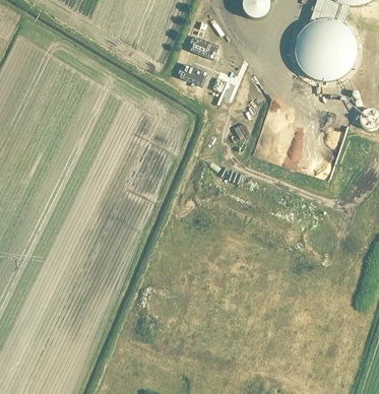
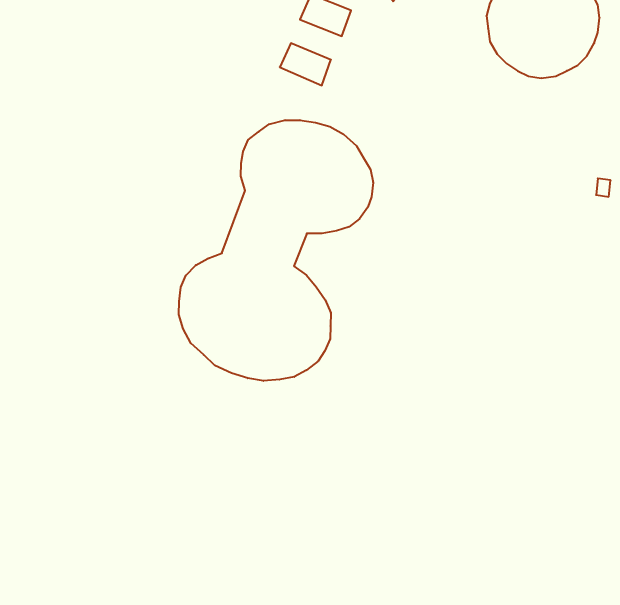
building: none -> [179,120,373,381]

